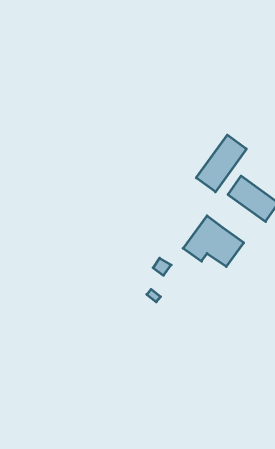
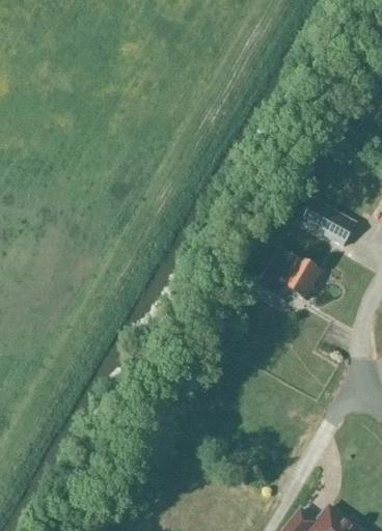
building: [196,135,246,192] -> none

